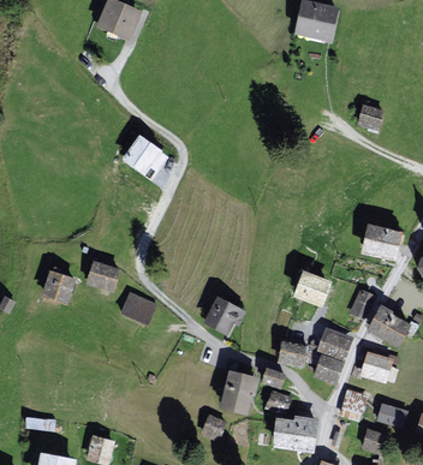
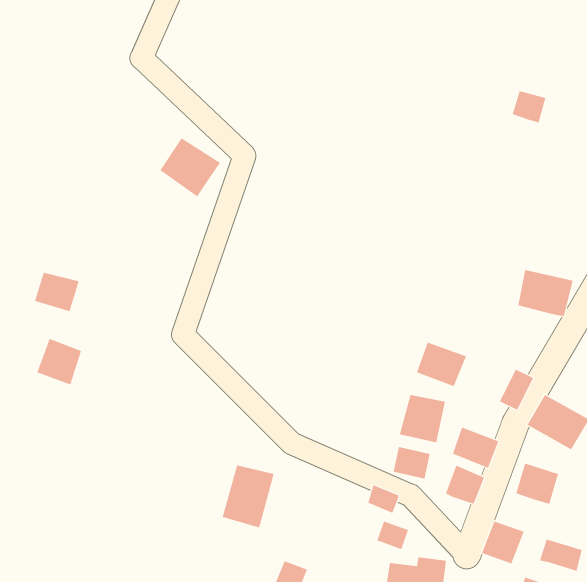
building: [89,262,119,288] -> [34,272,79,312]
building: [123,293,155,322] -> none
building: [205,298,244,332] -> none
building: none -> [399,394,446,443]
building: [221,371,256,413] -> [222,465,274,528]

